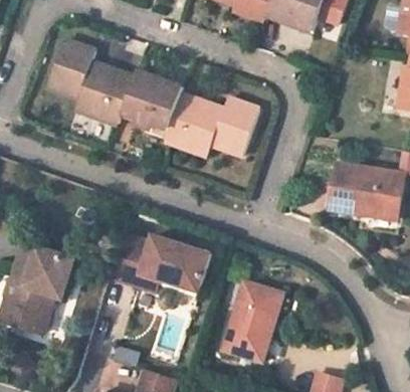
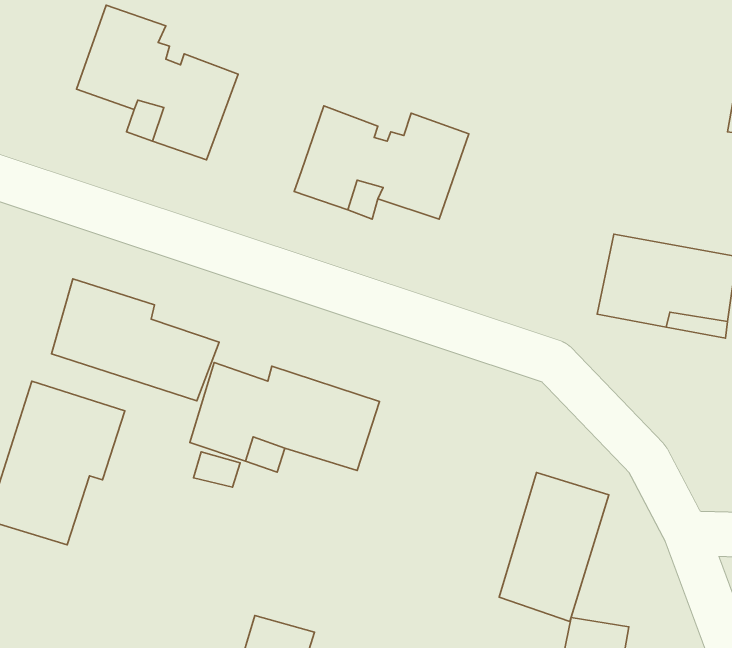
building: [121,69,183,130] -> none
building: none -> [51,279,219,401]
building: [223,282,282,363] -> [499,473,609,621]

